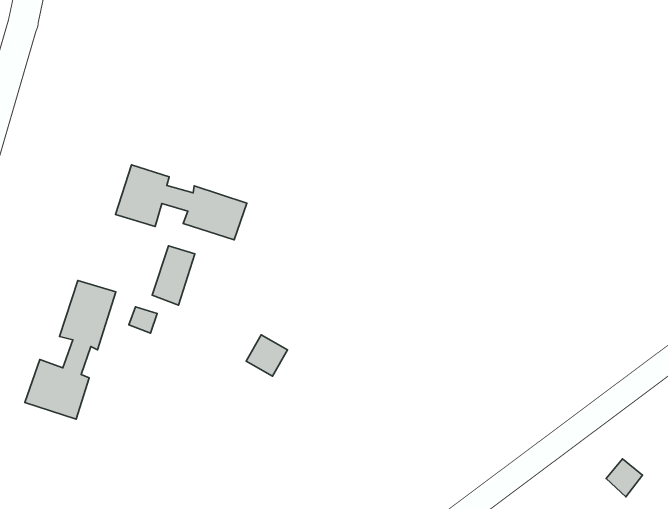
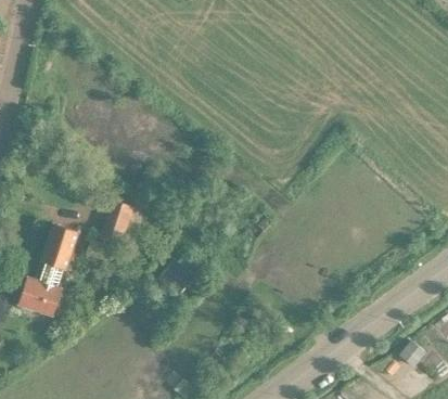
building: [115,165,247,240] -> none

